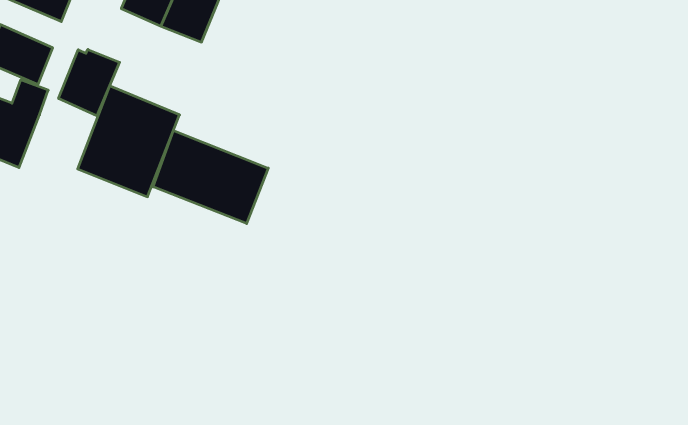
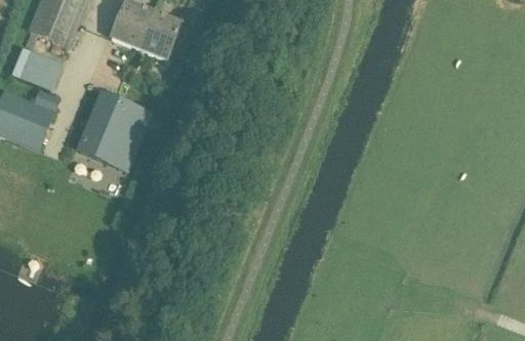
building: [59,49,120,116] -> none
building: [153,130,268,224] -> none

